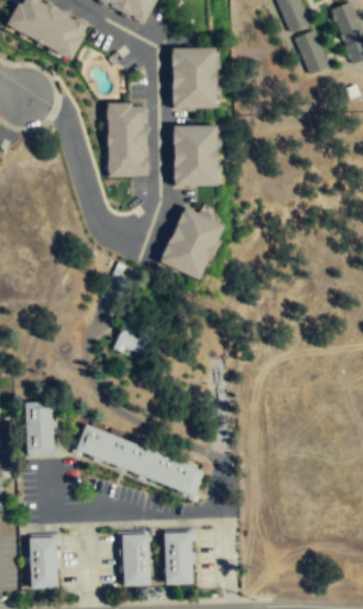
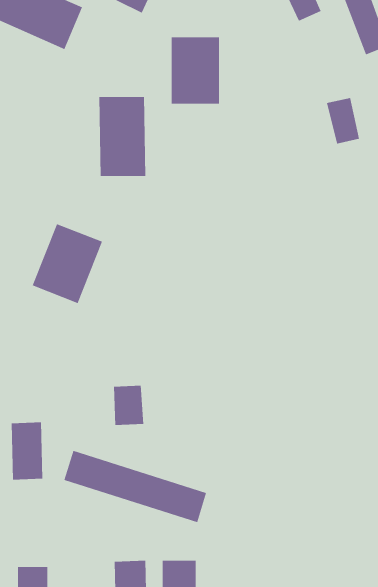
building: [296,31,327,74] -> [326,98,360,144]
building: [171,126,218,187] -> none
building: [157,207,223,281] -> [32,224,103,304]
building: [119,318,148,354] -> [113,385,144,425]

